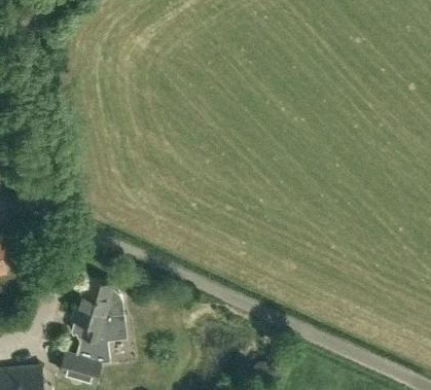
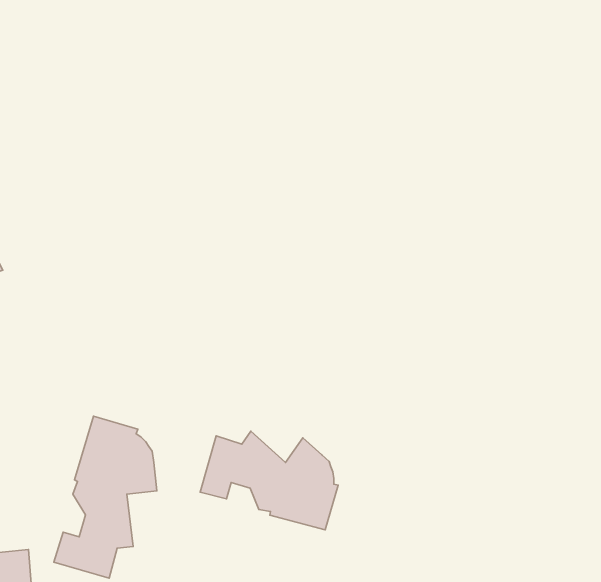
building: none -> [200,431,338,530]

